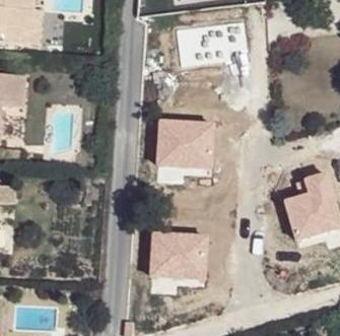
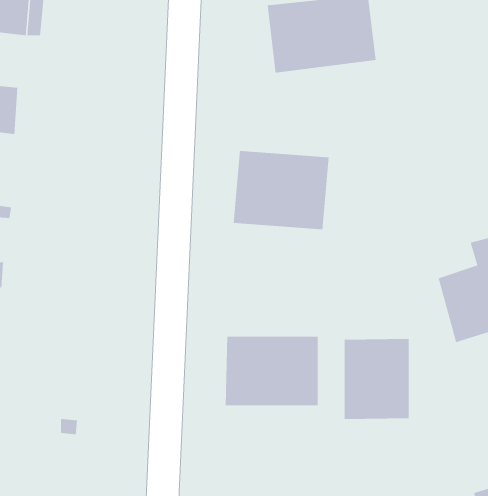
building: none -> [344,338,409,420]

